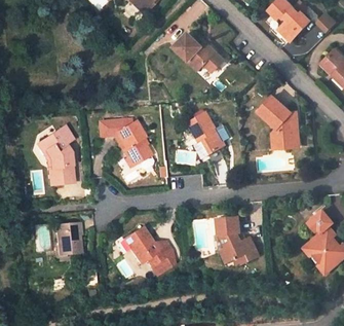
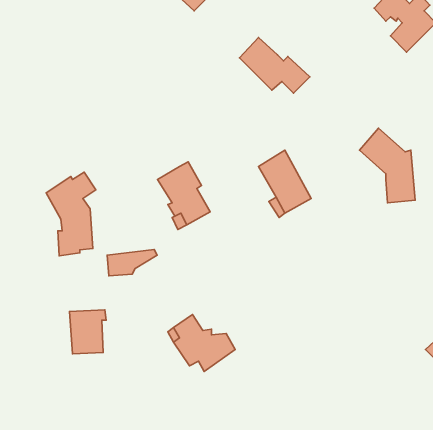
building: [97,119,131,138] -> [107,249,157,276]
building: [217,216,259,263] -> none

